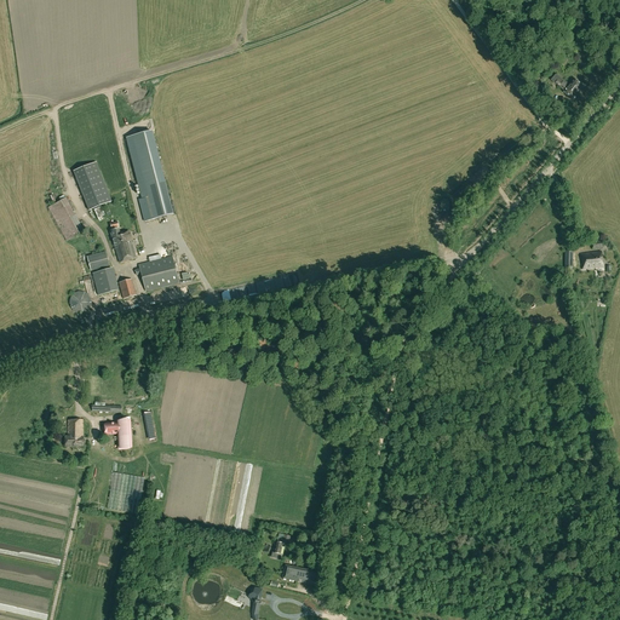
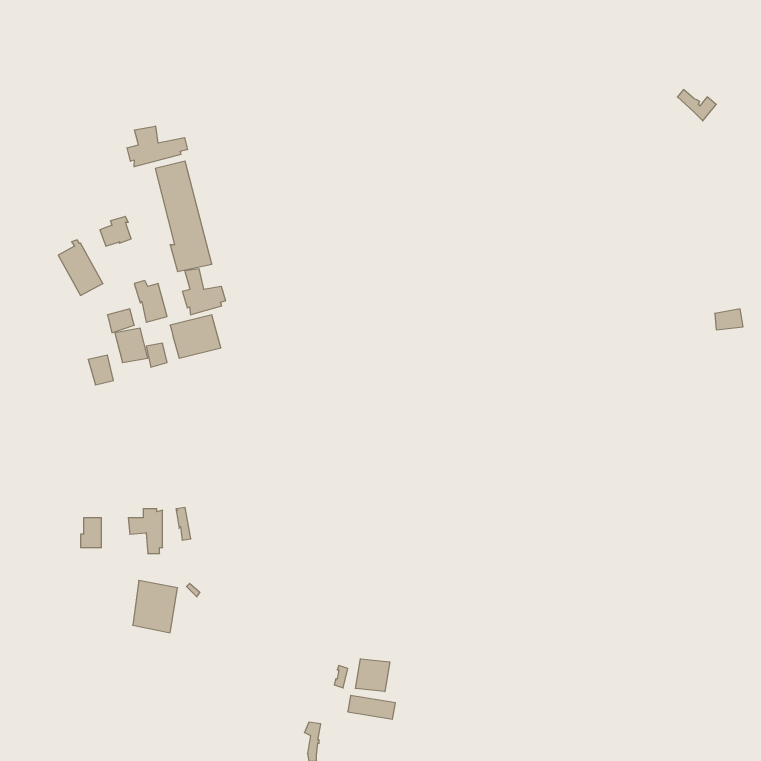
building: none -> [127,126,187,167]
building: none -> [183,269,225,315]
building: none -> [355,659,390,692]

